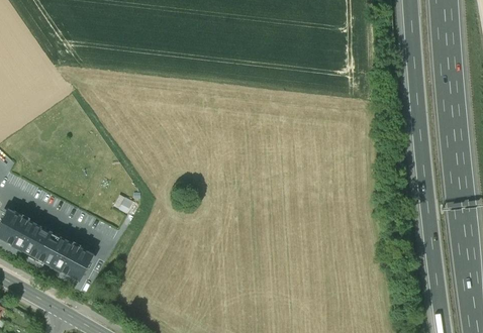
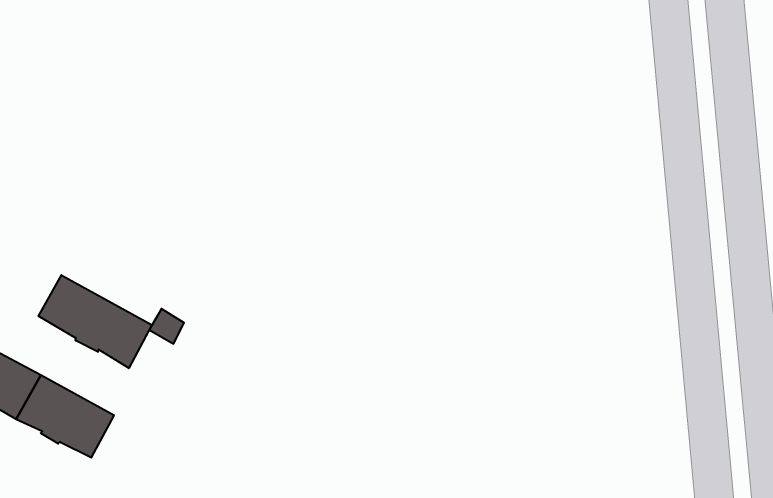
building: none -> [39,275,152,368]

